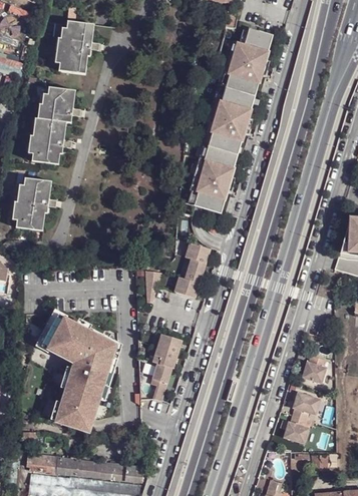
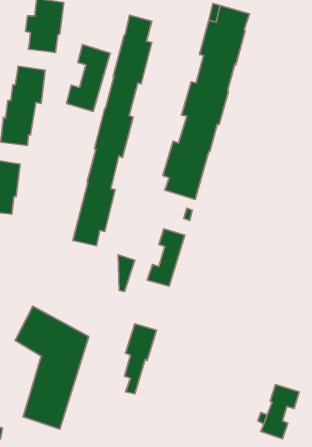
building: none -> [73,15,152,246]
building: none -> [67,45,110,111]
building: [301,354,327,383] -> none

